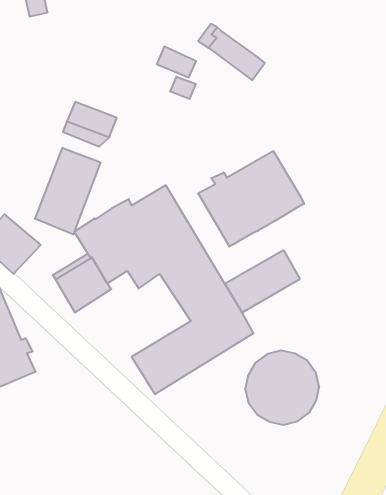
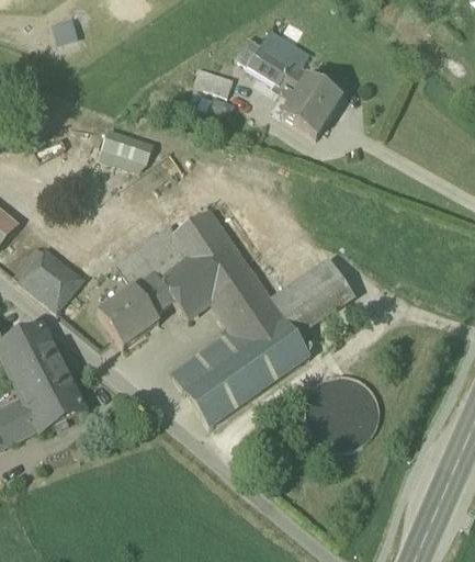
building: none -> [258,29,306,69]
building: none -> [280,75,341,138]
building: [35,148,100,235] -> none
building: [198,151,304,247] -> none
building: none -> [171,329,244,389]

